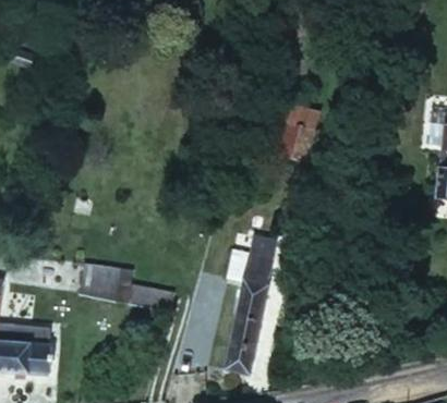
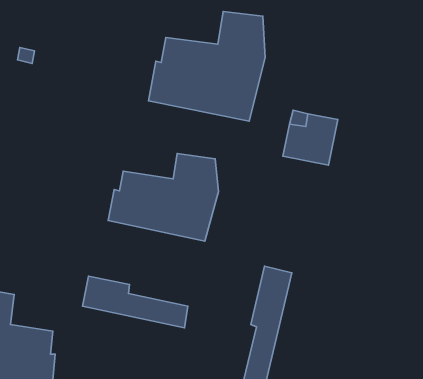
building: none -> [148,12,265,121]
building: none -> [108,153,218,241]

